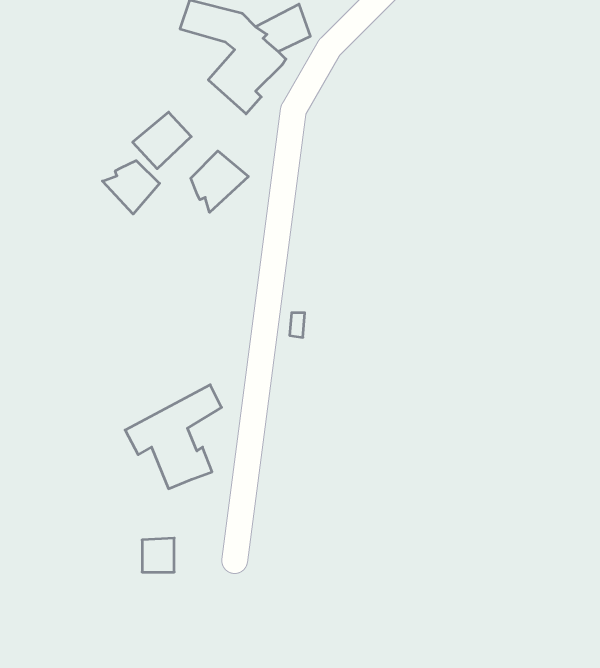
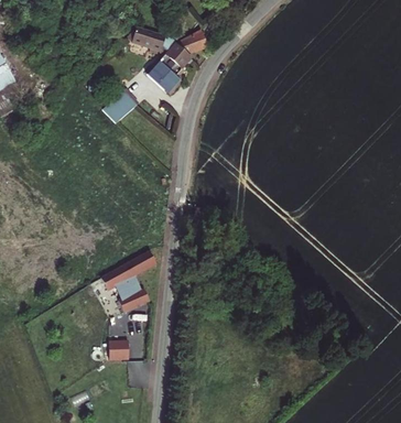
building: [191,151,248,212] -> none
building: [102,161,160,214] -> none

